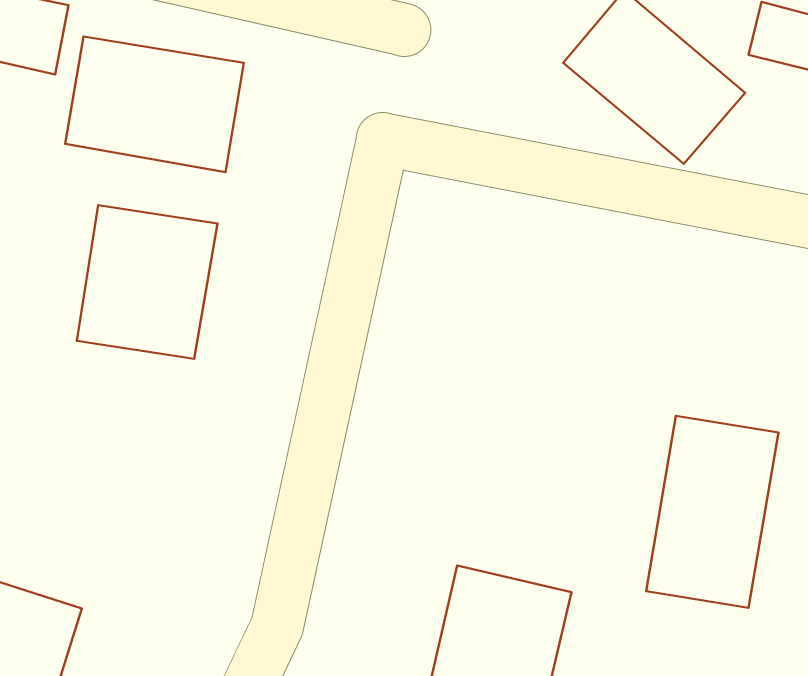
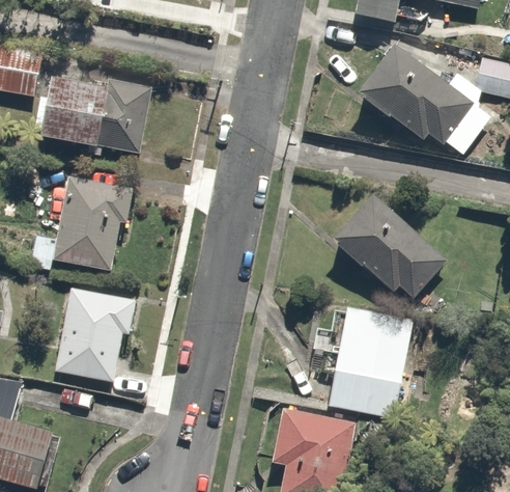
building: none -> [344,197,442,293]
building: none -> [51,291,142,382]
building: [646,416,778,608] -> [329,295,412,415]

